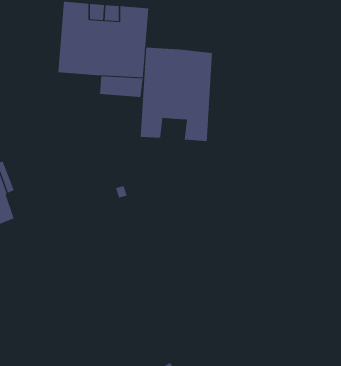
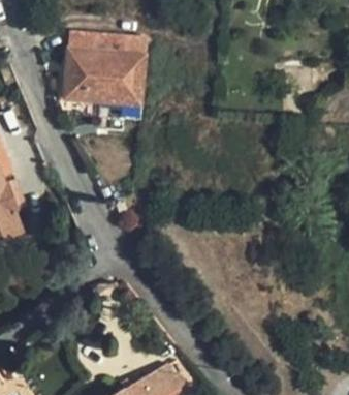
building: [140,47,213,142] -> none

